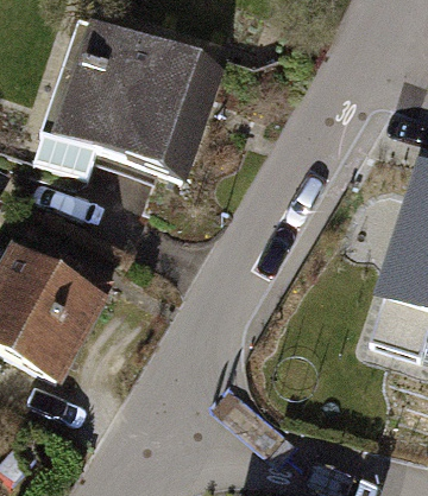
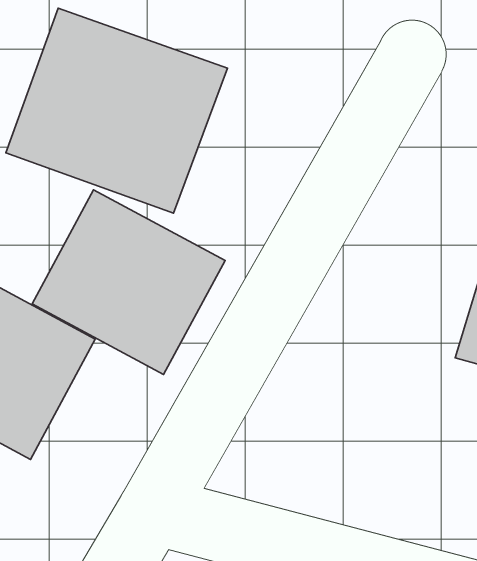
building: none -> [32,190,225,375]

